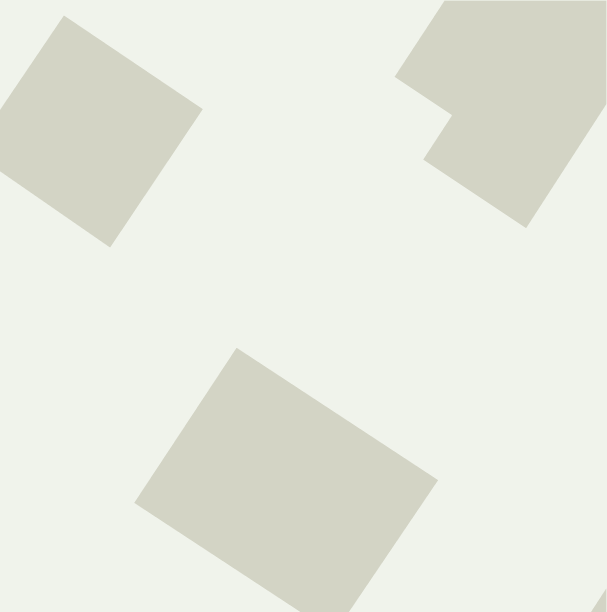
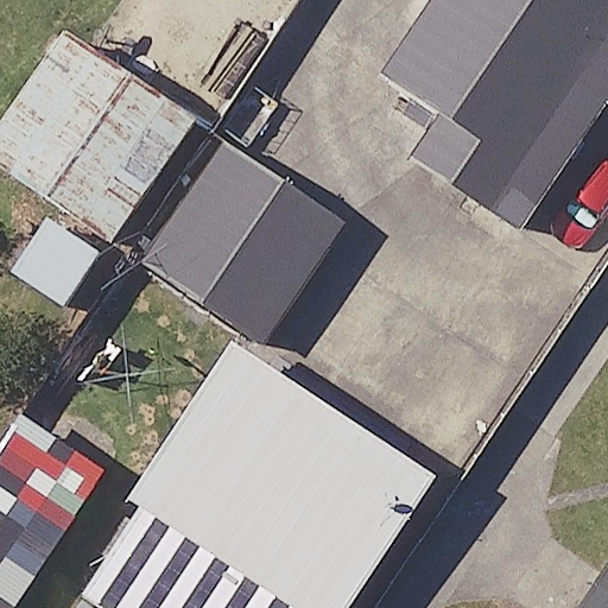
building: none -> [128,121,354,347]

